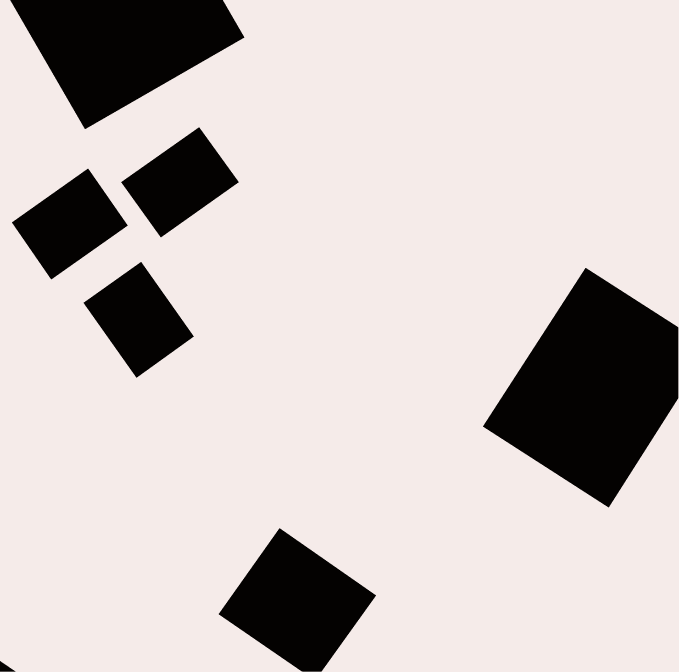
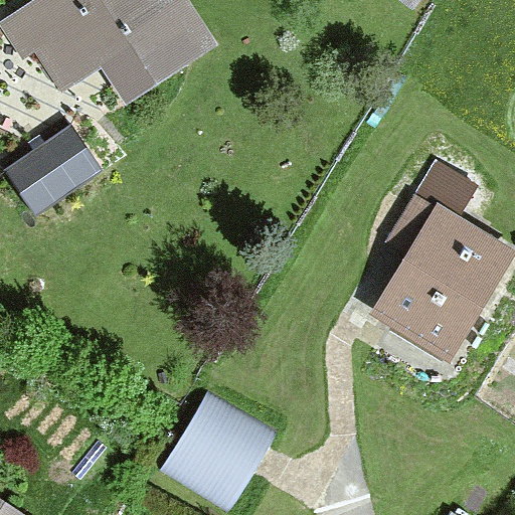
building: [120,126,240,239] -> none
building: [83,261,195,379] -> none

